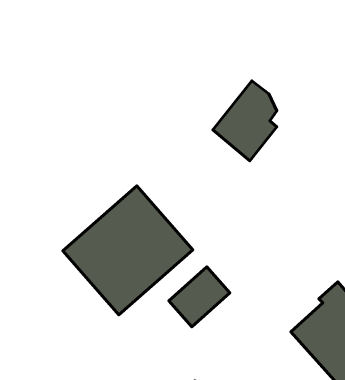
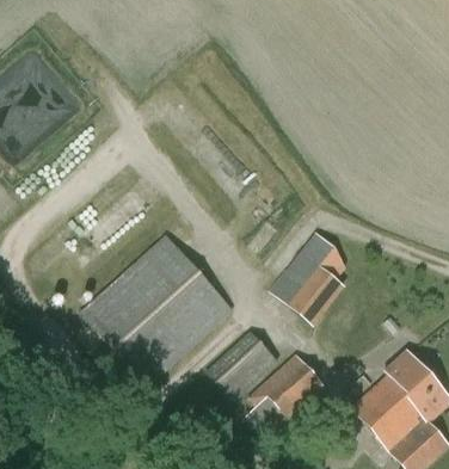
building: [213,81,277,161] -> [269,229,345,325]
building: none -> [239,351,326,433]

